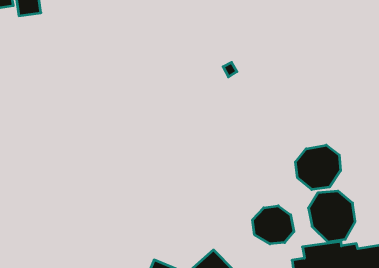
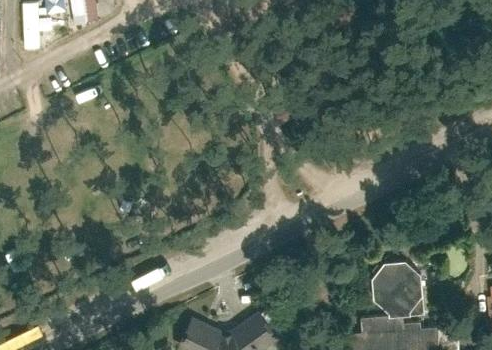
building: [295,145,341,190] -> none
building: [253,206,294,244] -> none

